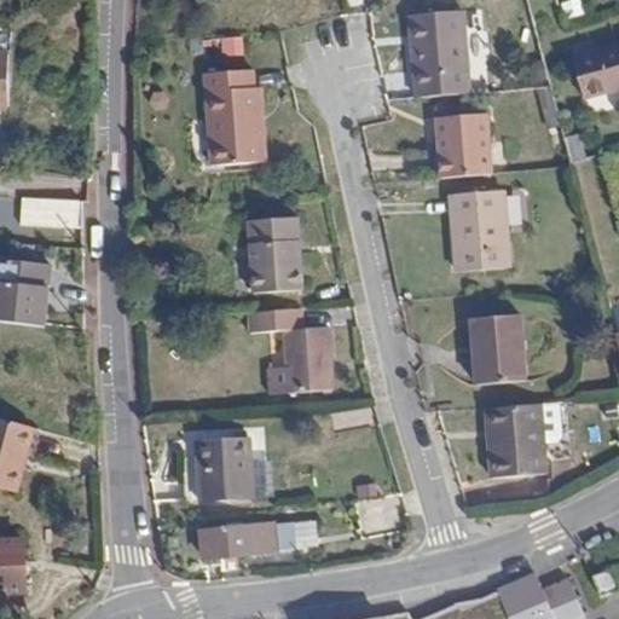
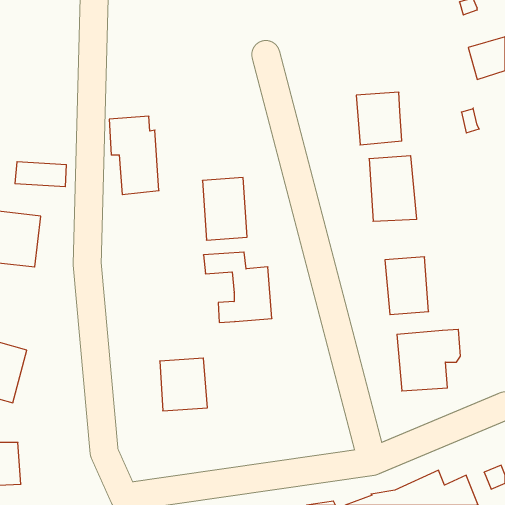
building: [407,10,468,97] -> none
building: [203,69,264,164] -> [109,116,159,195]
building: [199,521,294,565] -> none

